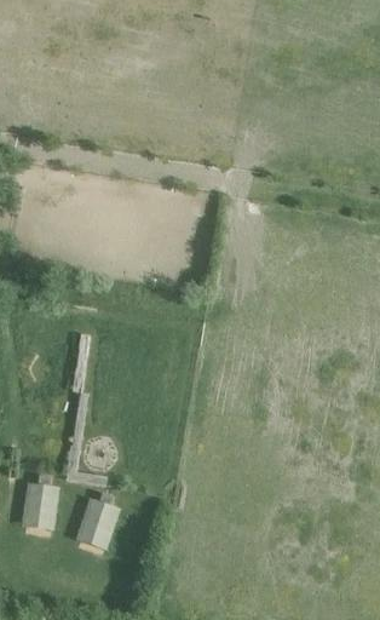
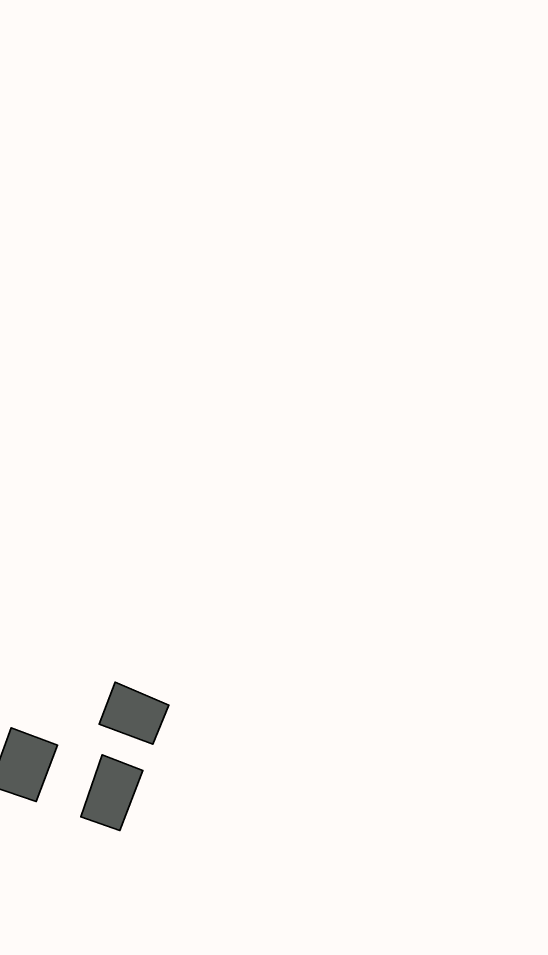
building: none -> [99,682,169,744]

